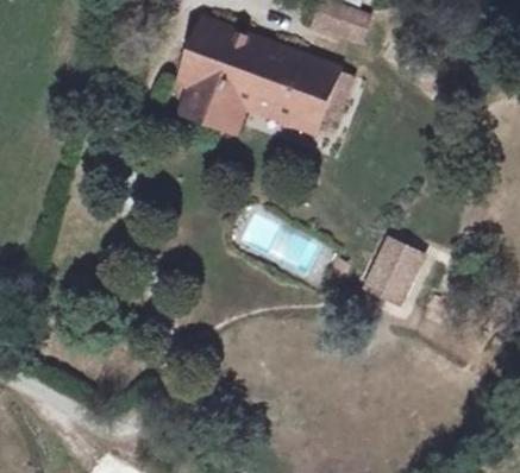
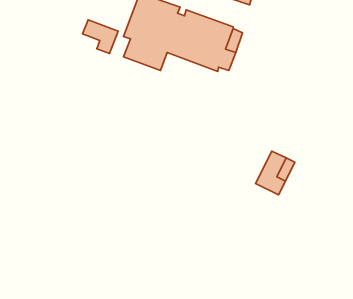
building: none -> [82,20,118,54]

